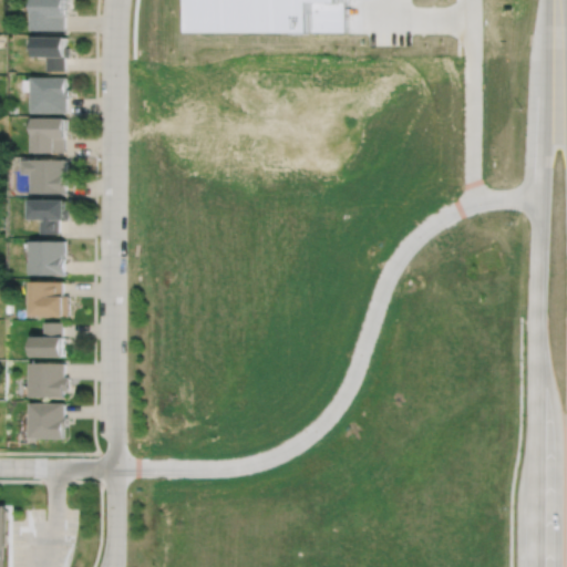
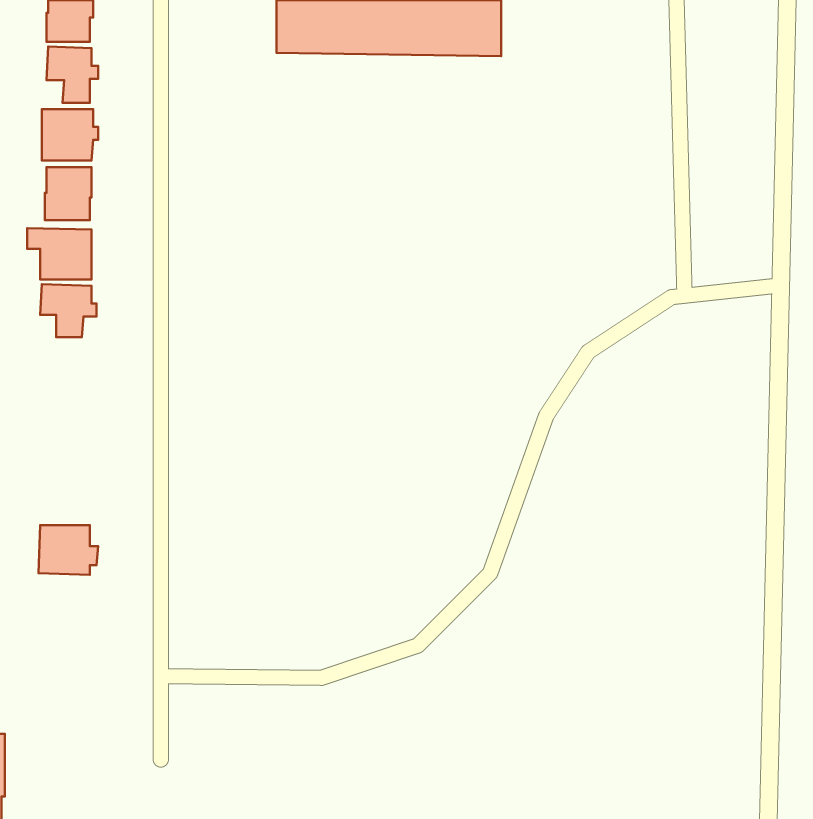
building: [28,240,63,276] -> none
building: [31,281,68,316] -> none
building: [31,322,63,357] -> none
building: [27,403,65,439] -> none

